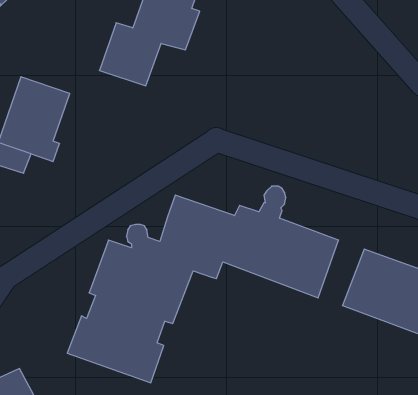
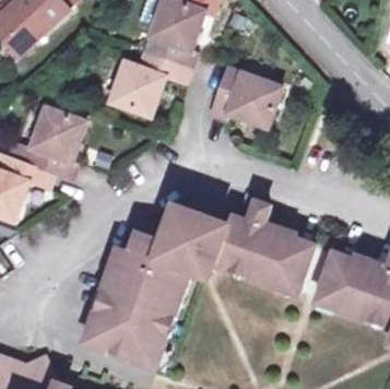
building: none -> [210,67,282,126]

